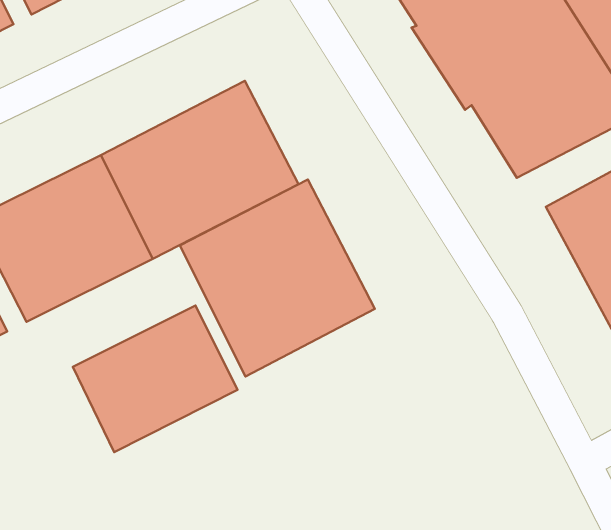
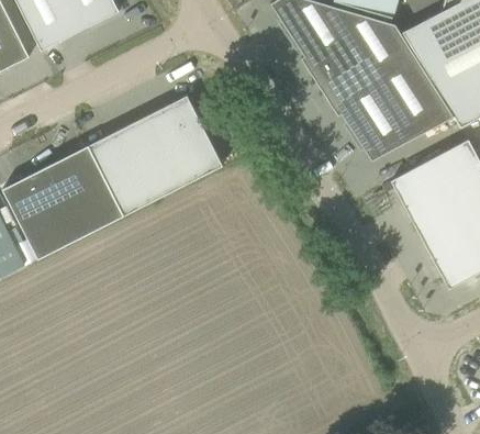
building: [180,179,375,376] -> none
building: [73,306,238,452] -> none

